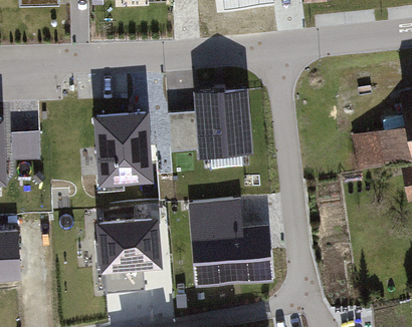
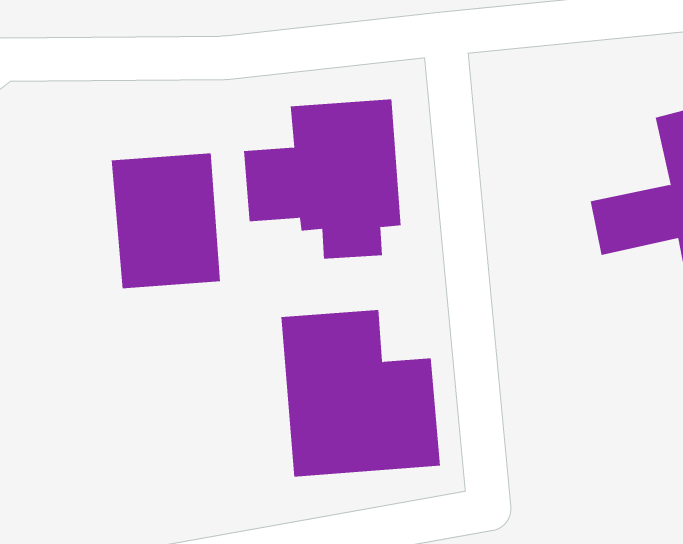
building: [88,212,162,301] -> none

